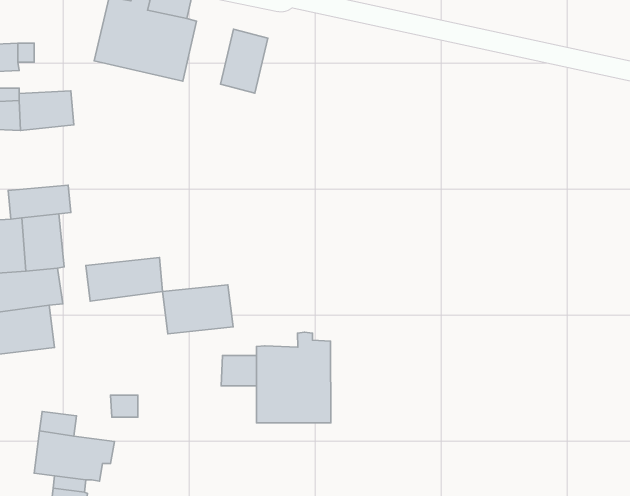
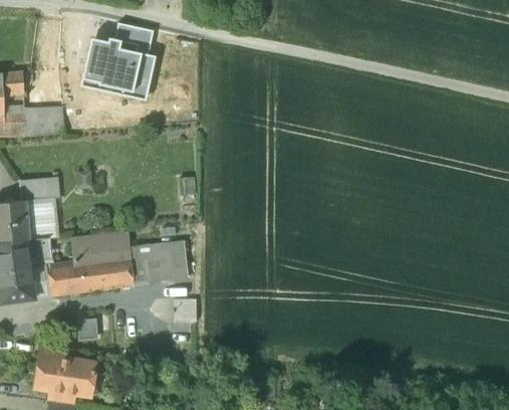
building: [221,29,268,93] -> none
building: none -> [45,254,133,295]
building: [256,332,331,423] -> none

